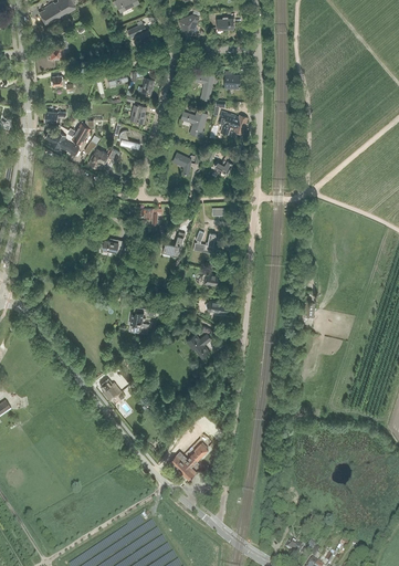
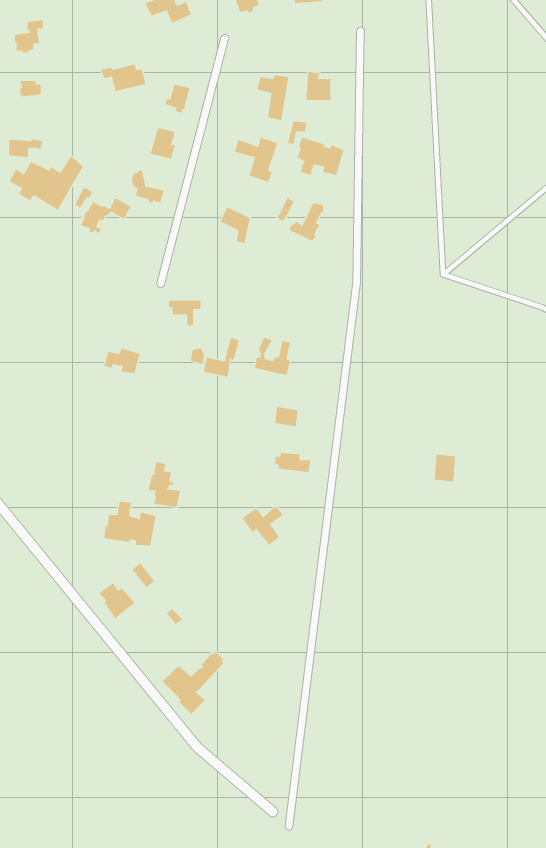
building: none -> [104,501,156,546]
building: [169,442,207,481] -> [162,650,224,715]

